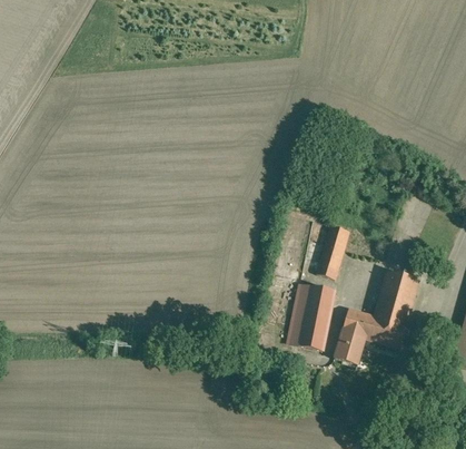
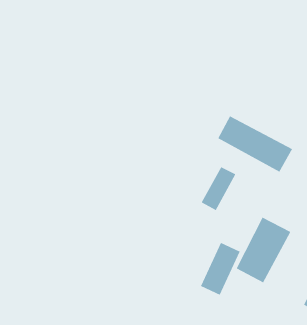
building: none -> [218,115,293,173]
building: [282,279,335,346] -> none

